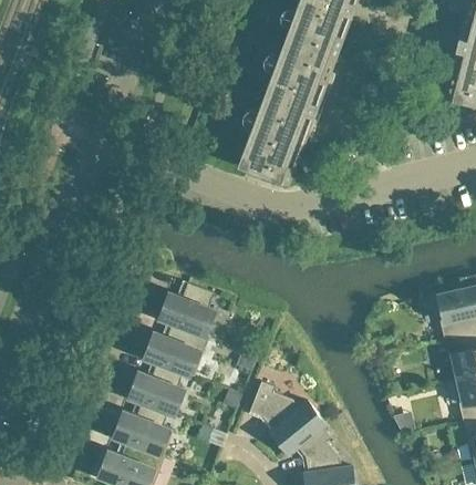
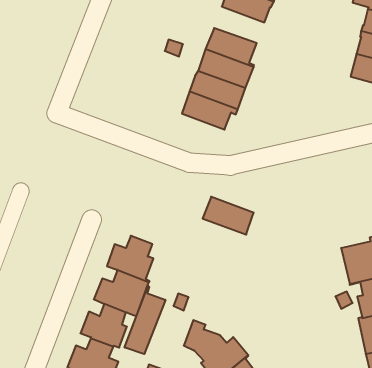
building: [284,14,343,58] -> none
building: [237,140,297,184] -> [203,197,254,235]
building: none -> [125,285,165,354]

